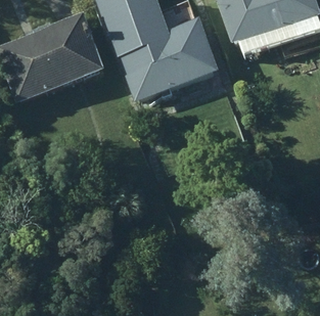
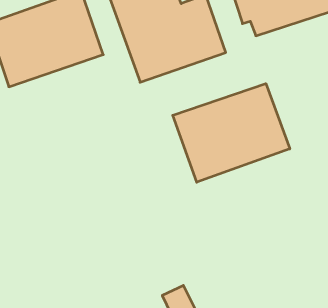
building: none -> [173,84,290,182]

